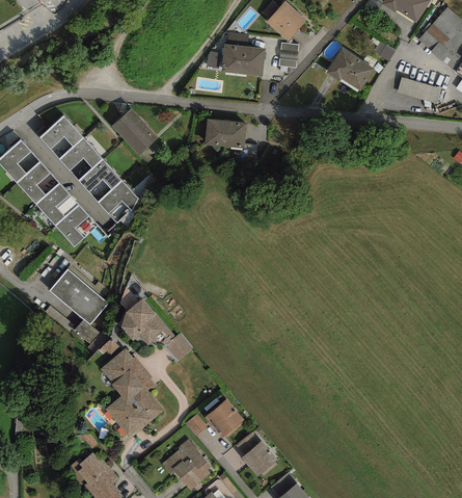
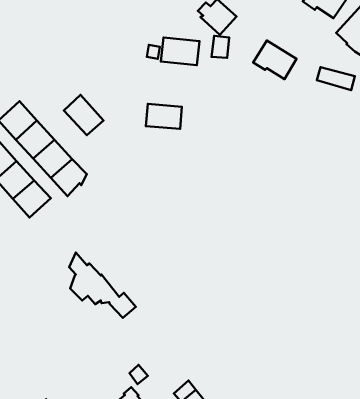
building: [48,268,108,324] -> none
building: [99,338,164,439] -> none
building: [203,398,243,438] -> none

